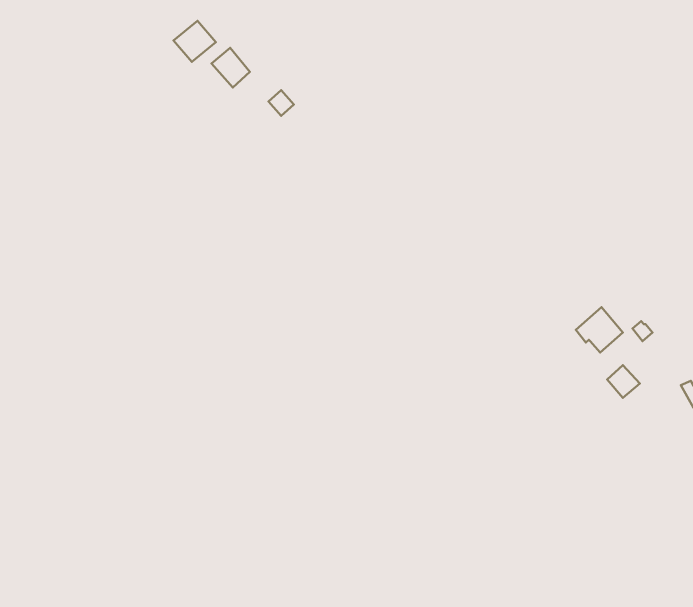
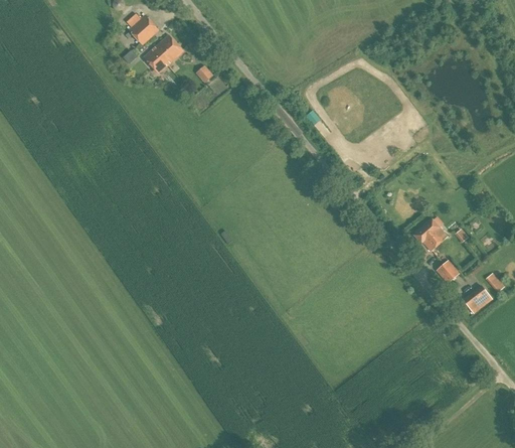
building: none -> [143,45,170,73]
building: none -> [463,286,491,313]

